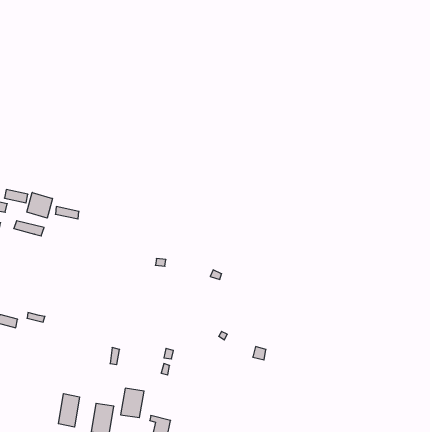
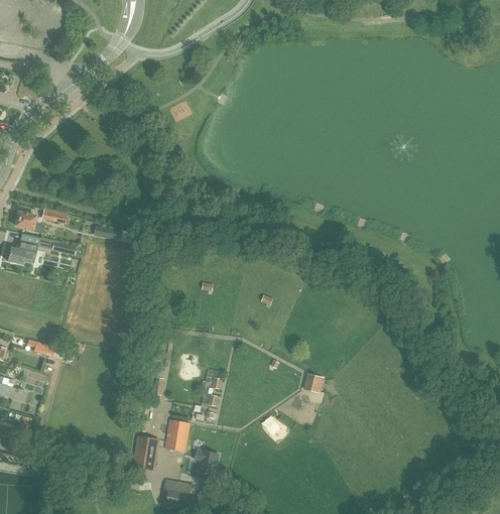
building: [27,192,52,218] -> none
building: [58,394,79,427] -> none

